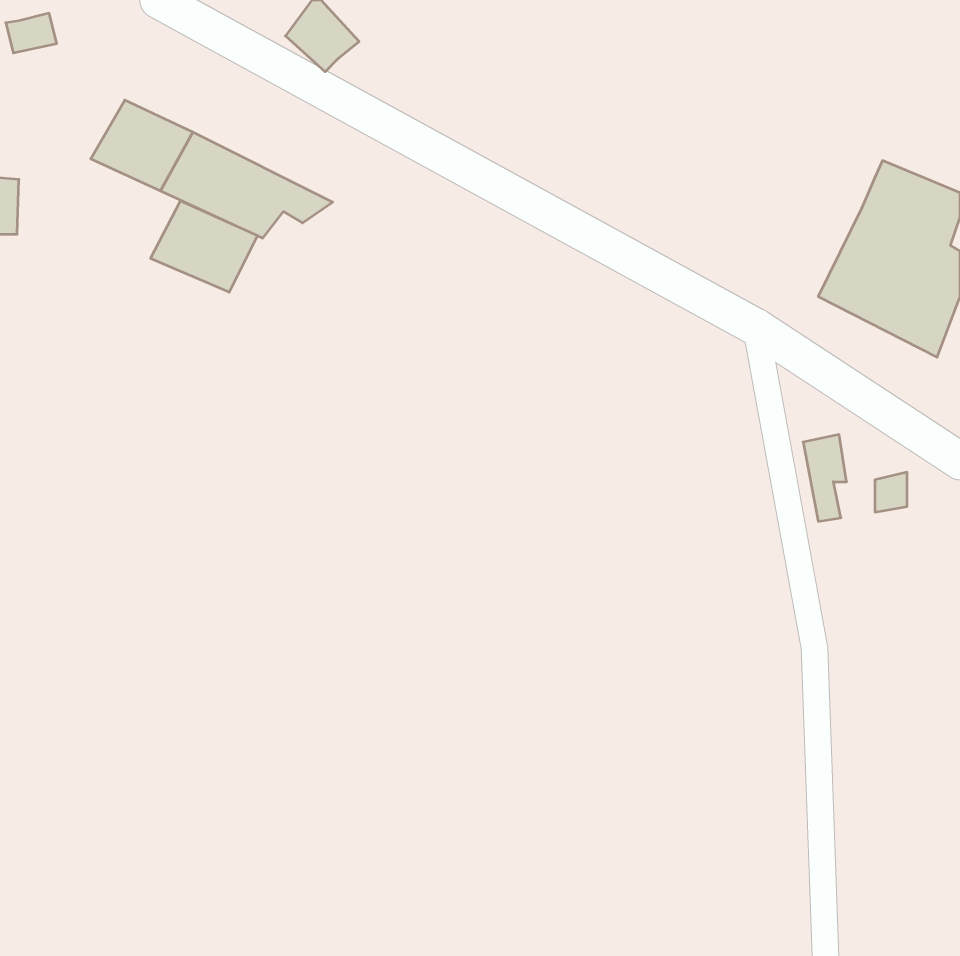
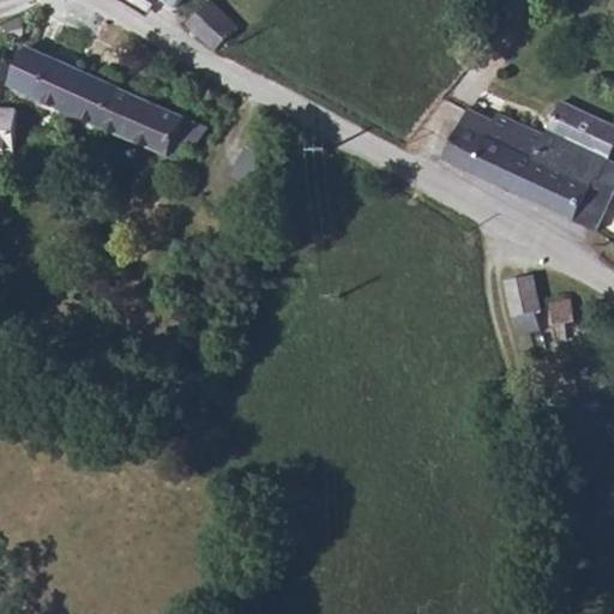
building: none -> [7,46,79,107]
building: none -> [444,100,547,194]
building: [151,201,257,292] -> none

